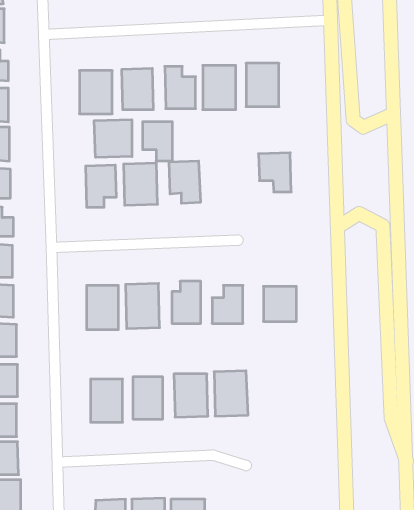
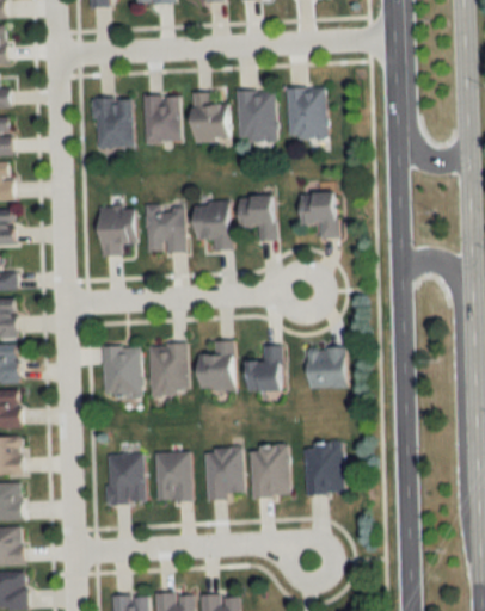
building: [94,120,132,157] -> none
building: [143,122,172,161] -> [242,196,277,241]
building: none -> [305,442,344,494]

